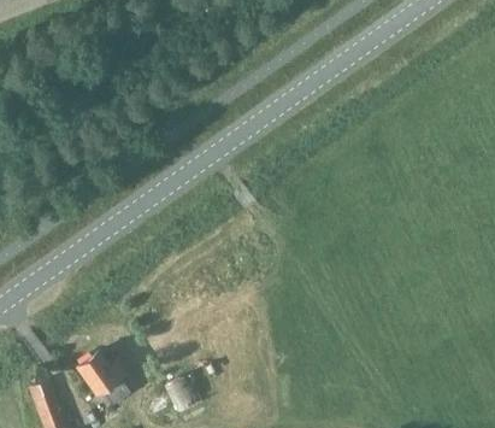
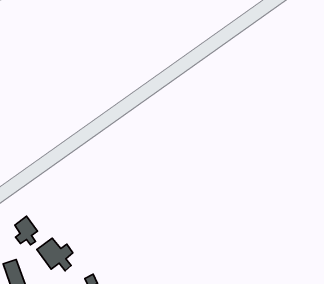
building: none -> [15,216,38,245]

